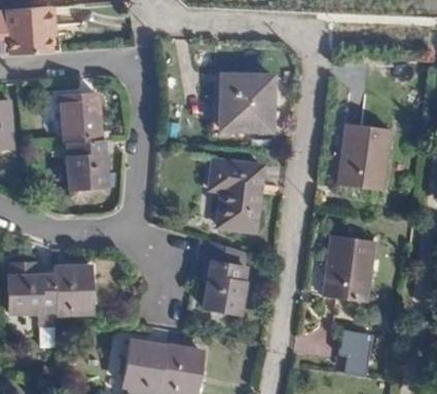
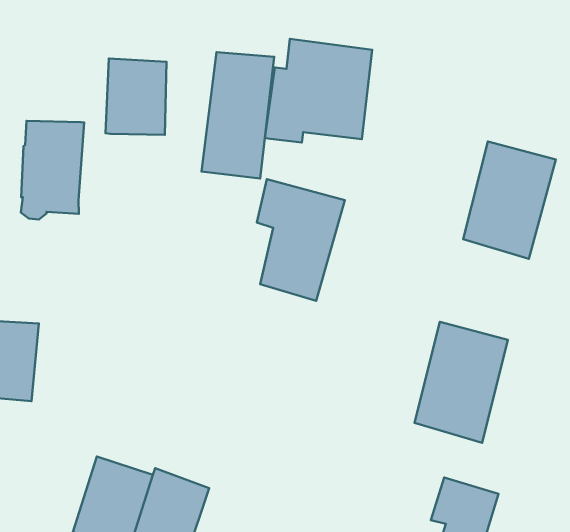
building: none -> [202,52,274,178]
building: [61,94,100,142] -> [106,59,167,135]
building: [202,241,245,316] -> none

